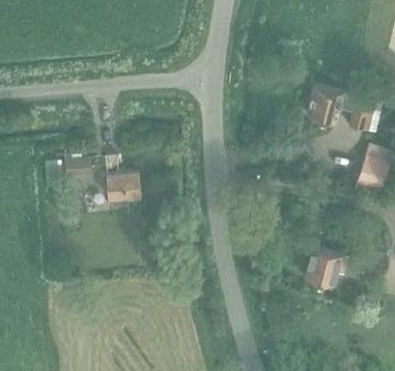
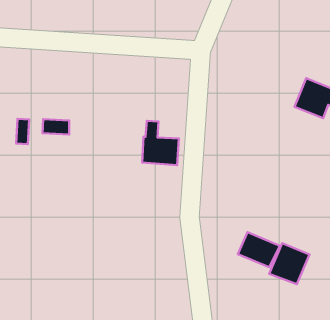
building: [107,160,143,201] -> [142,121,179,165]
building: none -> [238,232,280,267]

